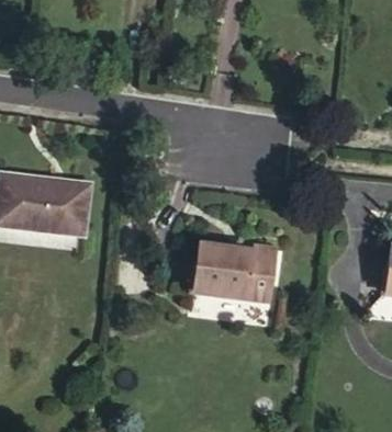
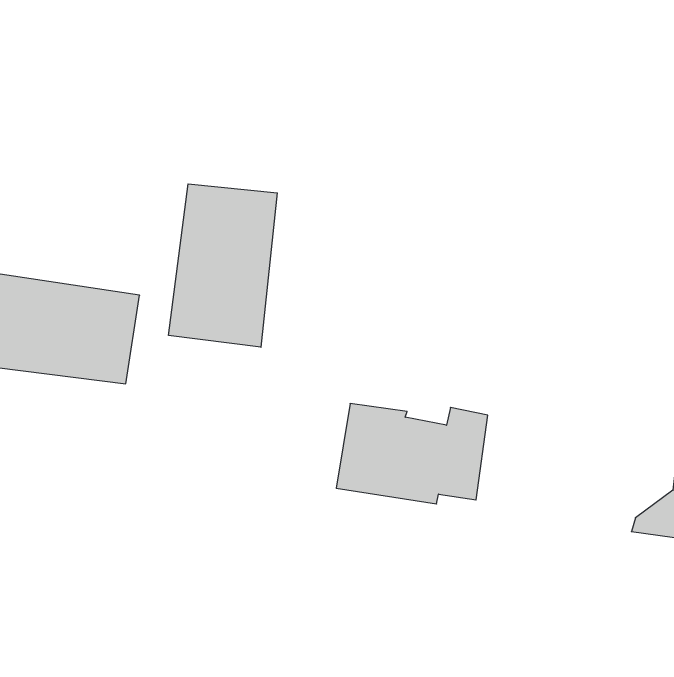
building: none -> [169,184,277,347]

